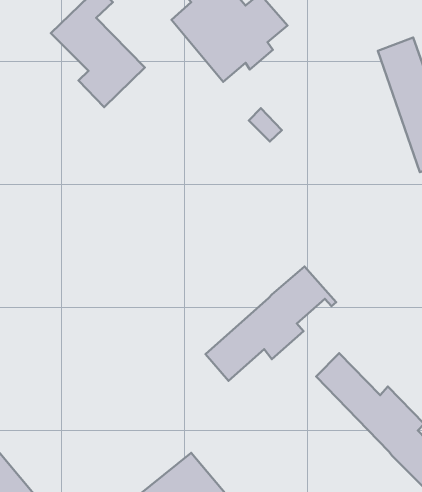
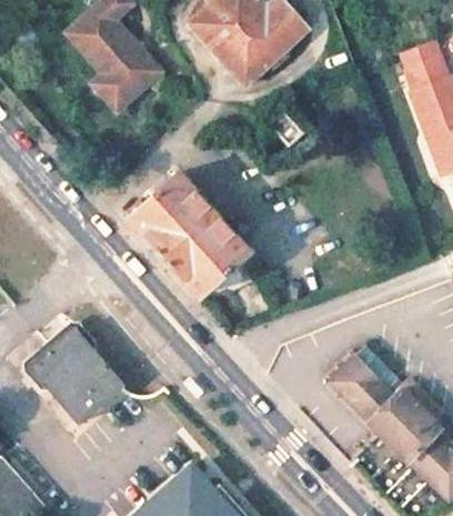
building: none -> [130,173,248,295]
building: [206,267,336,381] -> none
building: none -> [37,322,128,415]

